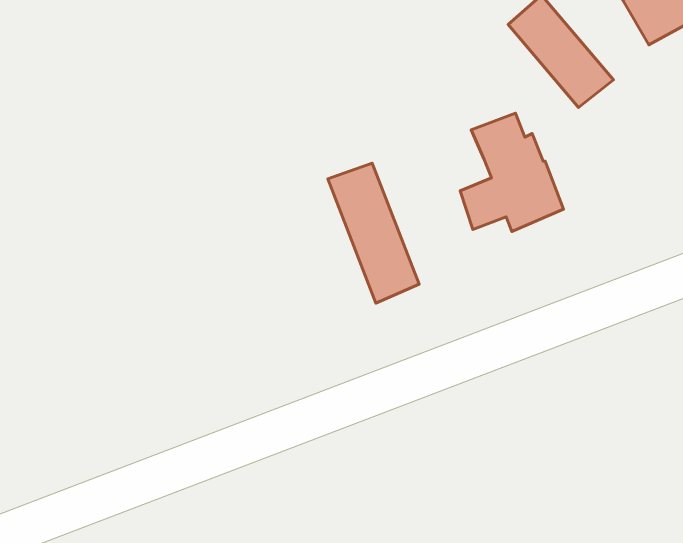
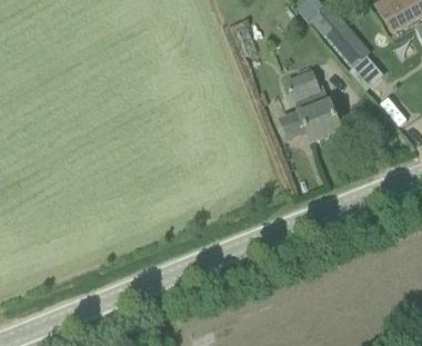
building: [328,163,419,303] -> none

